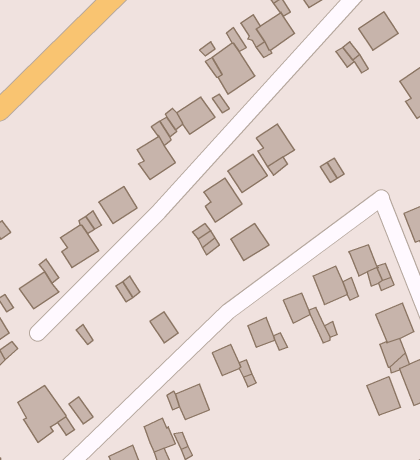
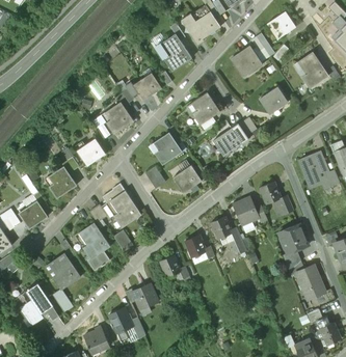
building: none -> [234,46,262,78]
building: none -> [260,87,288,115]
building: [228,154,267,193] -> [213,129,242,157]
building: none -> [102,184,141,227]
building: none -> [79,222,110,259]
building: none -> [50,253,80,291]
building: [367,377,401,415] -> none

